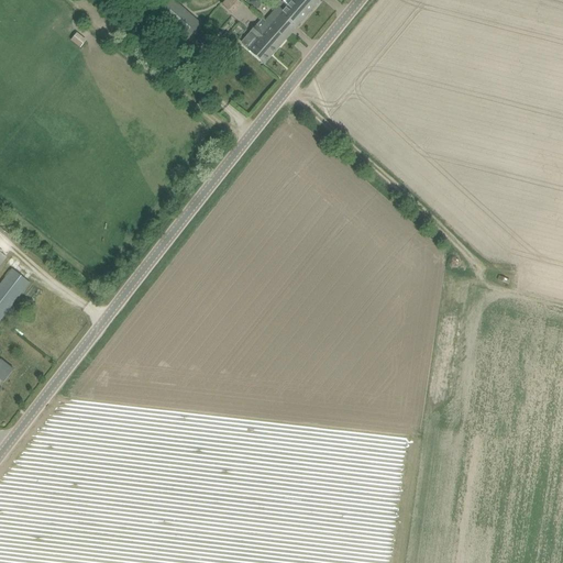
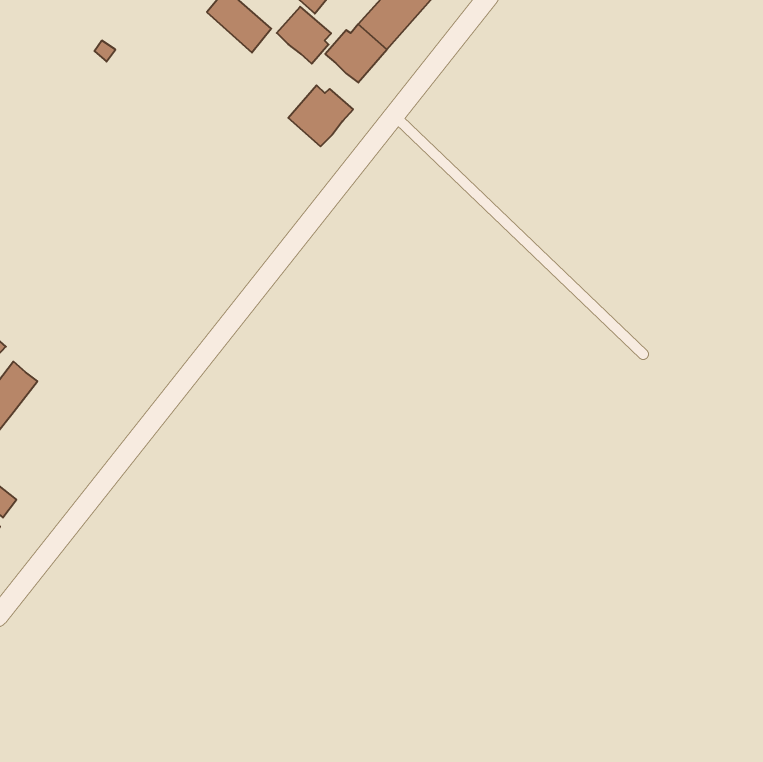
building: none -> [277,7,331,64]
building: none -> [288,85,353,146]

